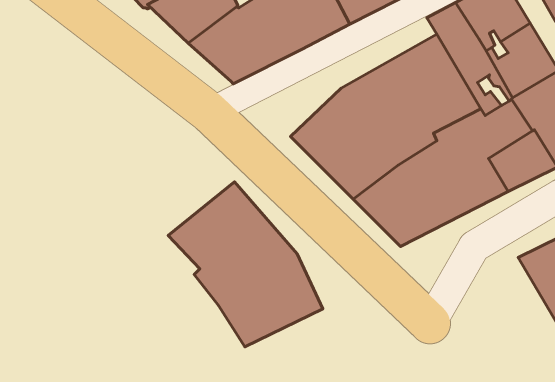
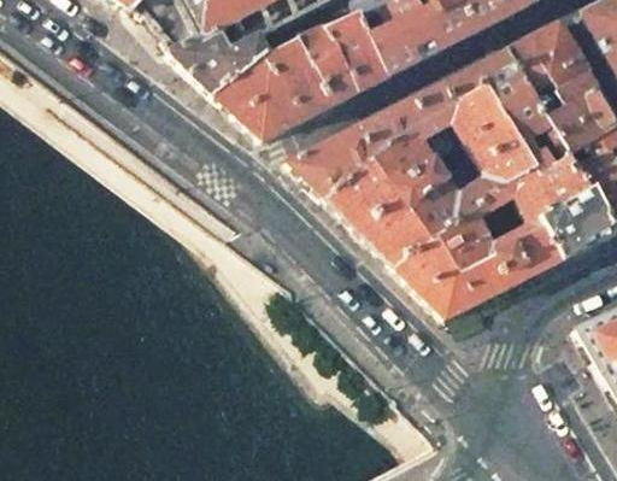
building: none -> [287,65,486,195]
building: [168,182,323,347] -> none

